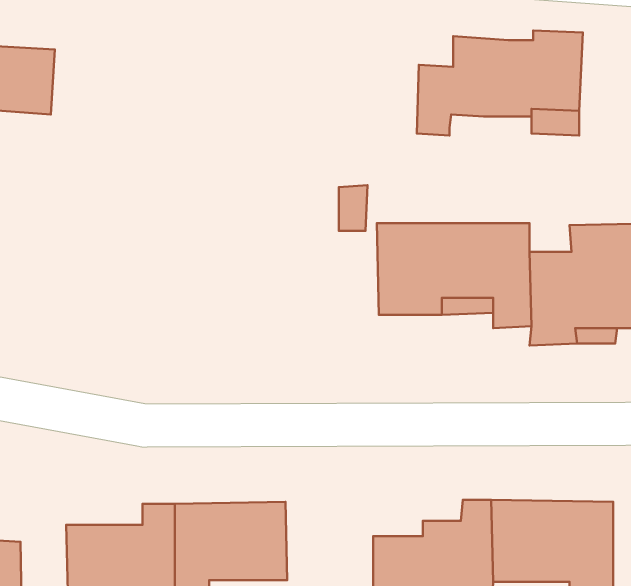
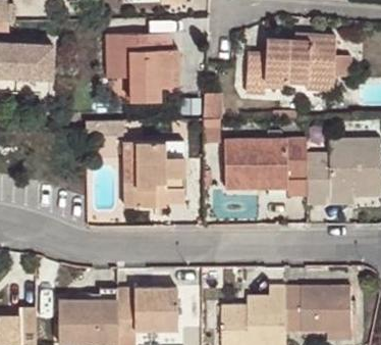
building: none -> [106,35,176,103]
building: none -> [130,142,182,207]

